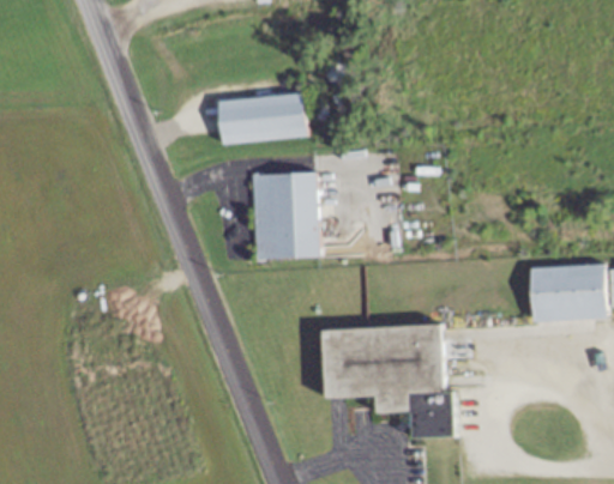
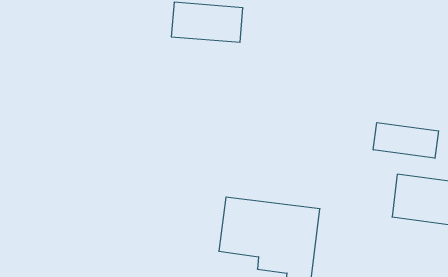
building: [253,171,318,258] -> none
building: none -> [373,123,439,158]

